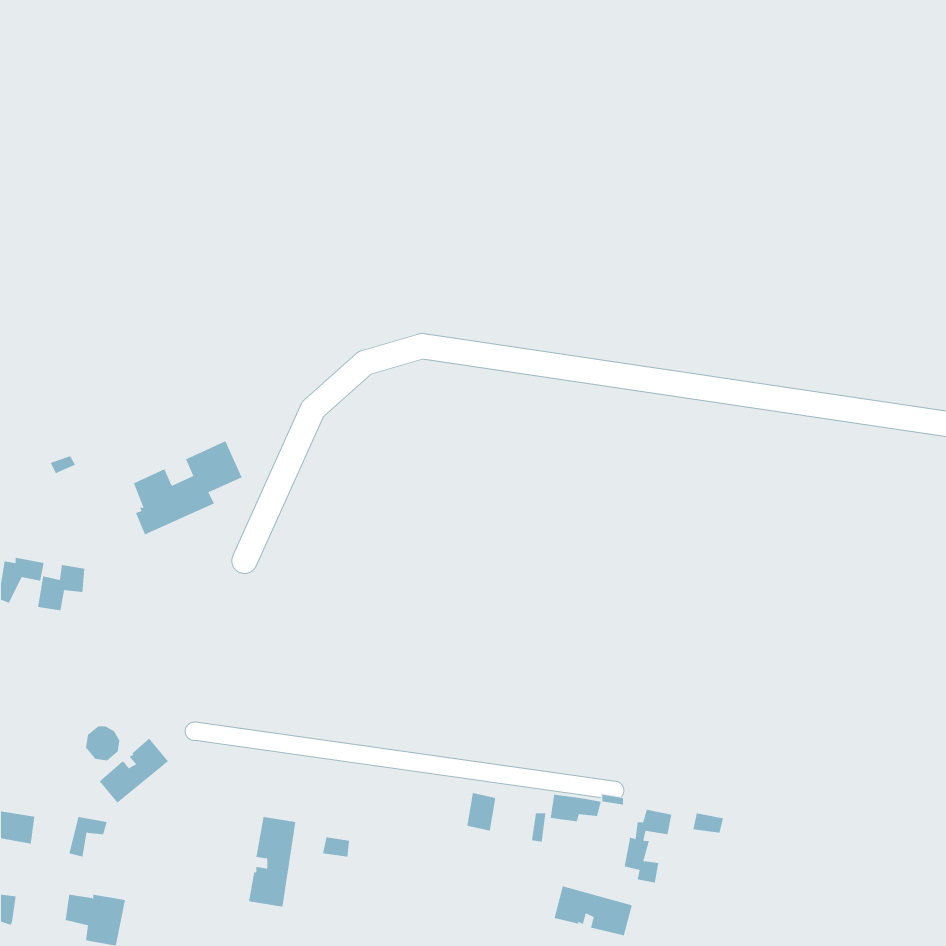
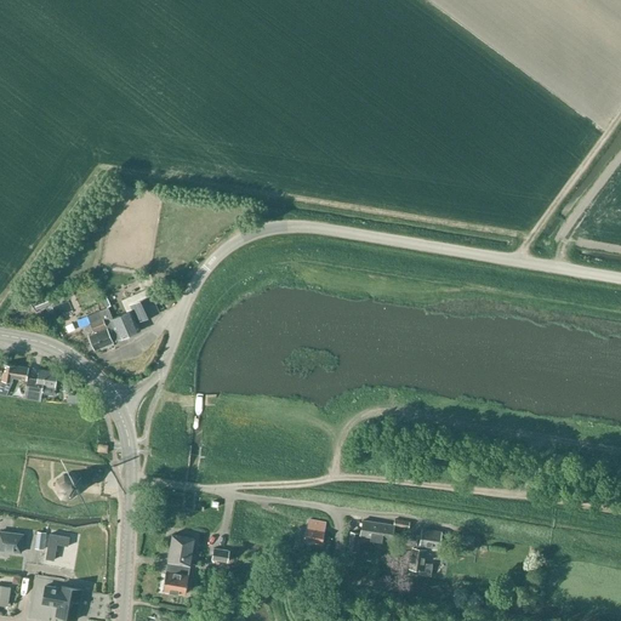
building: [99,738,169,803] -> none
building: [554,886,632,936] -> none

